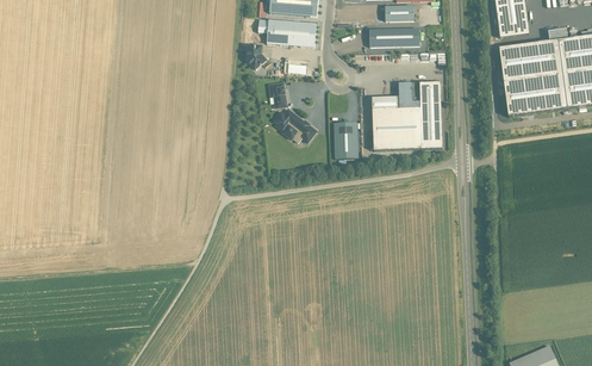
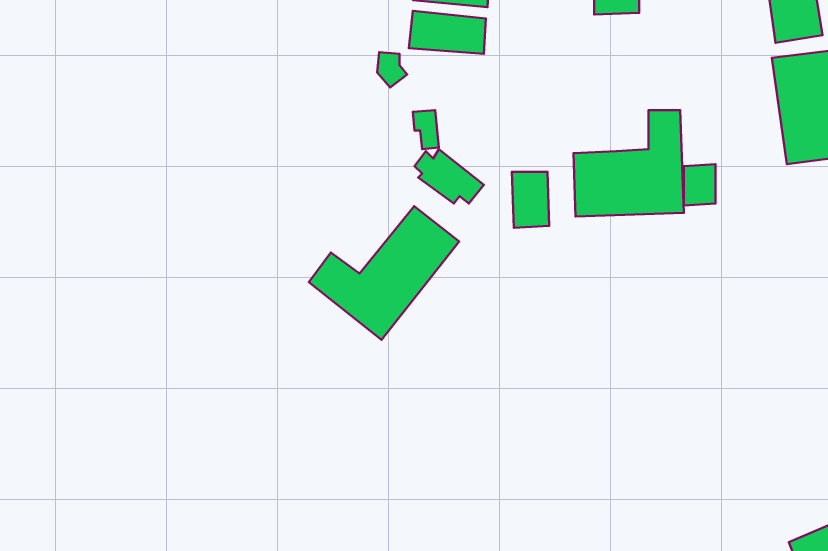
building: [369,27,419,45] -> none
building: [399,81,419,107] -> [684,164,716,205]
building: none -> [309,206,459,340]

